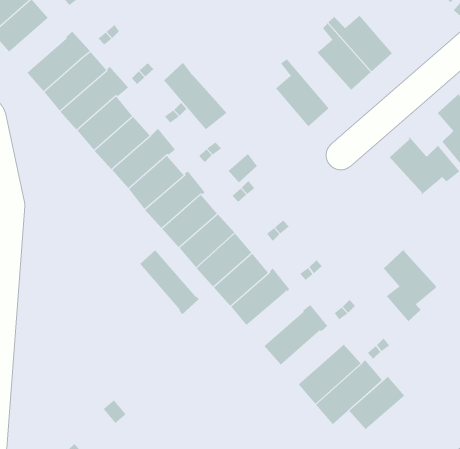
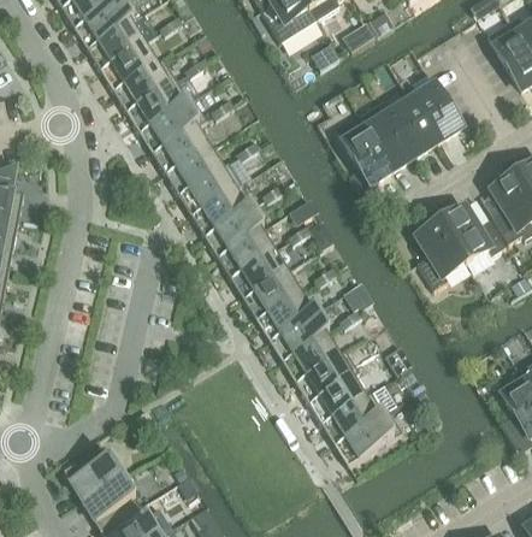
building: none -> [100,40,155,88]
building: [163,62,227,130] -> [360,99,415,166]
building: [383,248,437,322] -> [416,218,466,288]
building: [139,250,200,315] -> none
building: none -> [282,331,337,379]
building: [348,376,405,430] -> [308,373,363,420]

